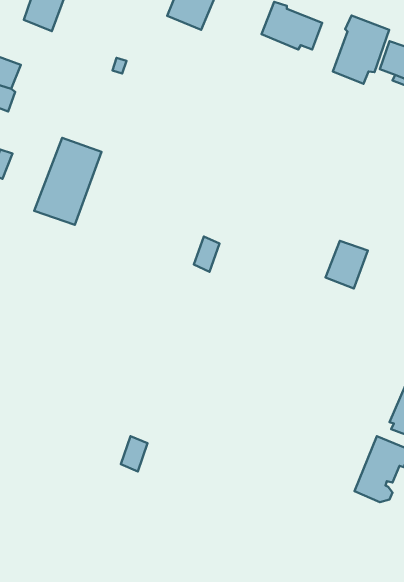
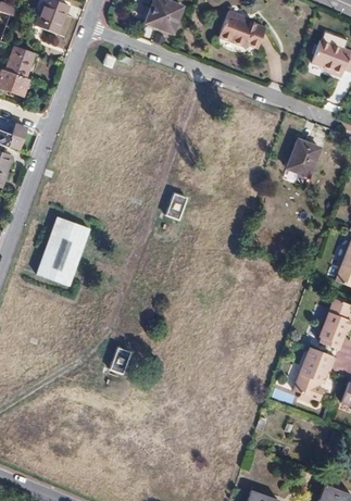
building: [333,16,389,84] -> none
building: [34,138,102,225] -> [37,217,89,285]
building: [326,241,368,289] -> [288,140,321,177]

